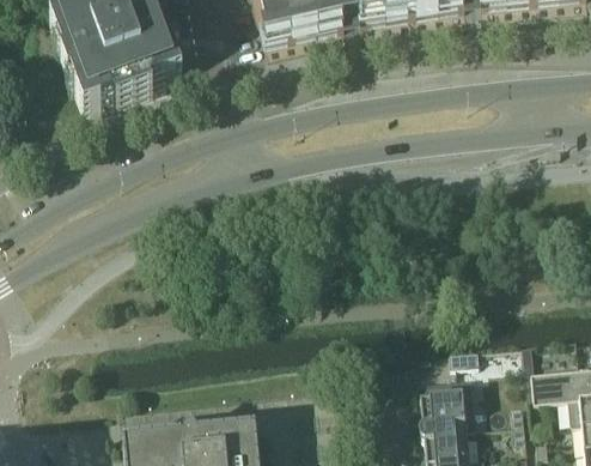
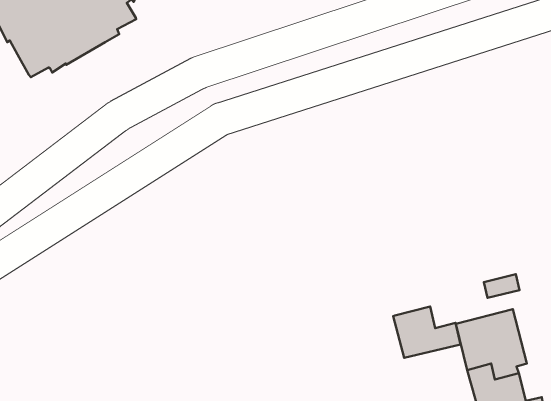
building: none -> [393,306,461,358]

